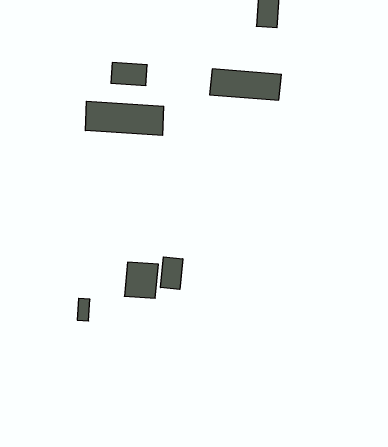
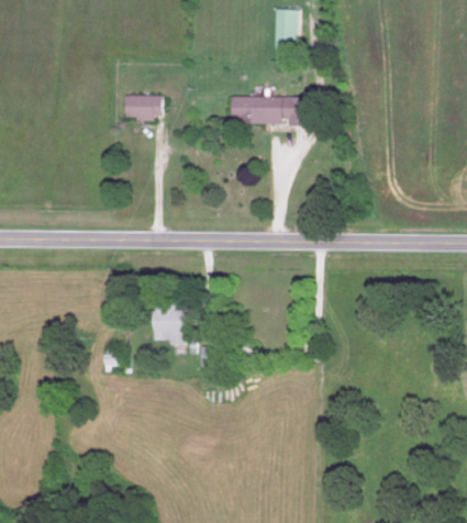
building: [85,101,164,135] -> none
building: [161,257,183,289] -> none

